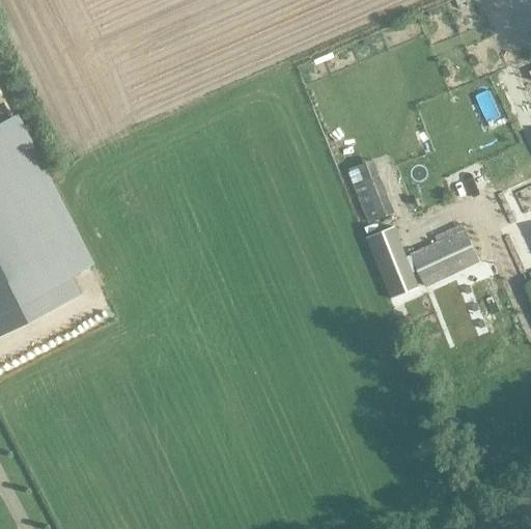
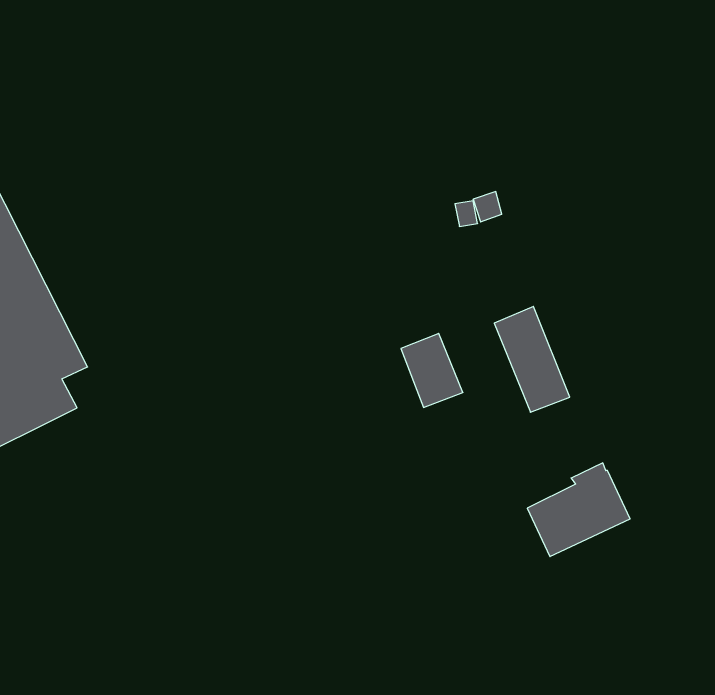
building: [352,172,394,223] -> [401,333,463,407]
building: [409,223,479,287] -> [527,463,630,557]

